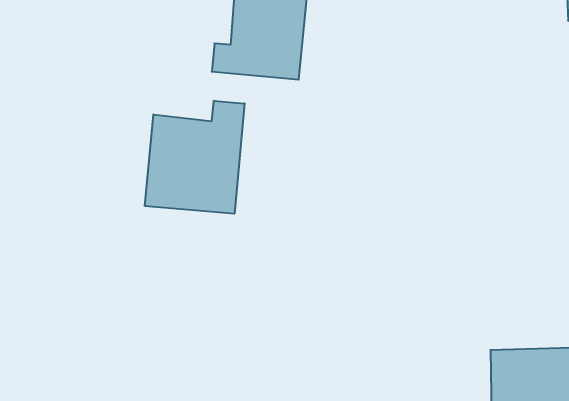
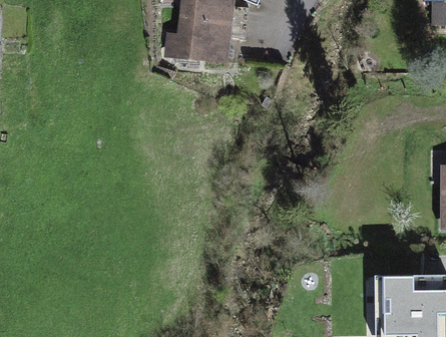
building: [145,101,245,214] -> none

